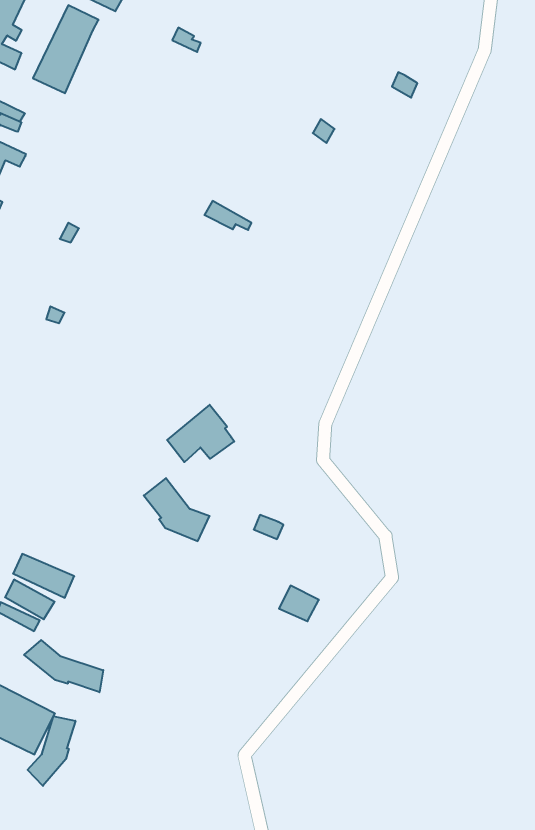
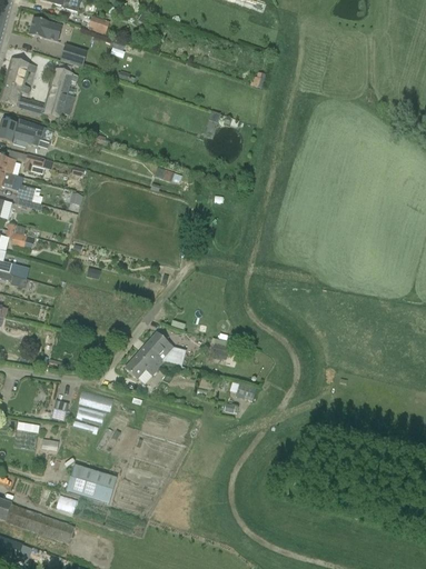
building: [167,405,234,462] -> [125,342,164,378]
building: [24,640,103,692] -> none
building: [28,716,75,786] -> none

